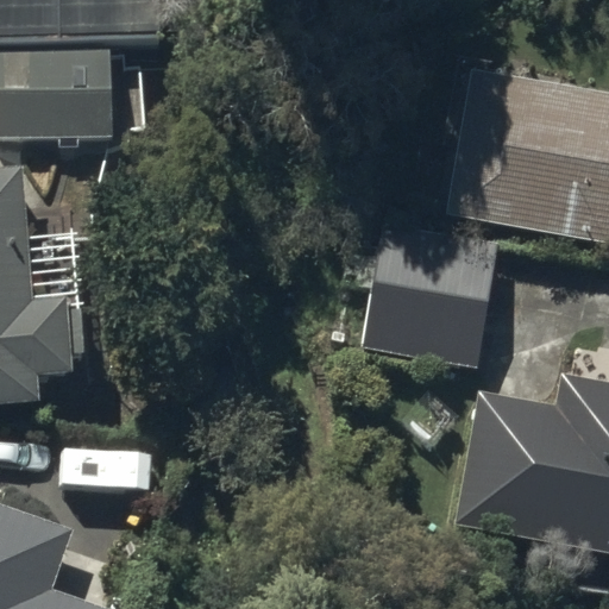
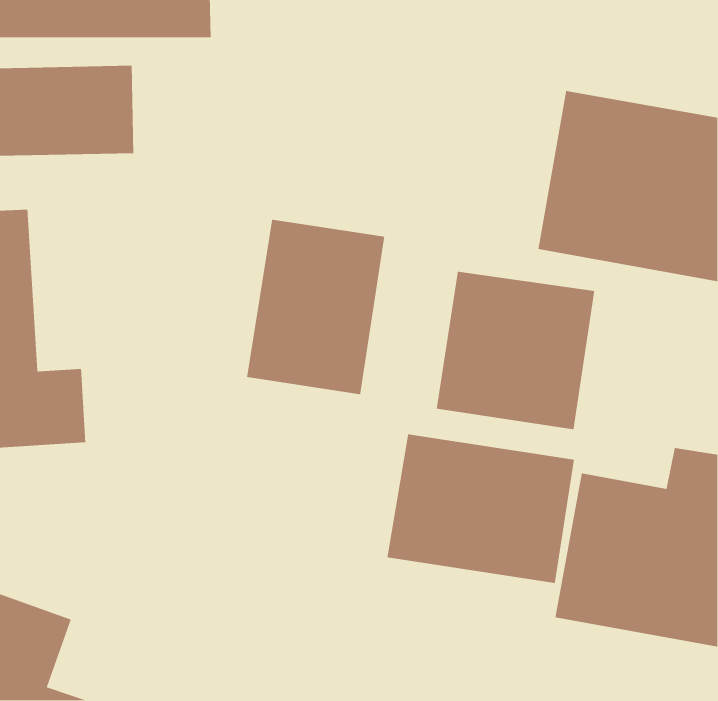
building: none -> [246,219,385,395]
building: none -> [387,434,575,584]

